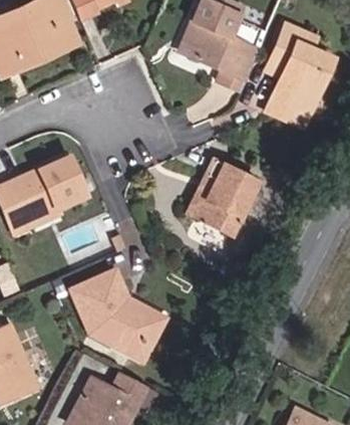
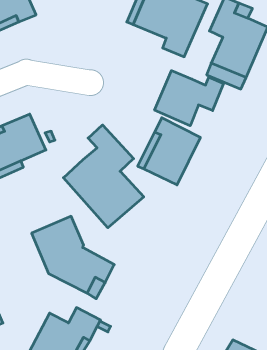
building: none -> [155,71,224,126]
building: none -> [63,125,144,228]

